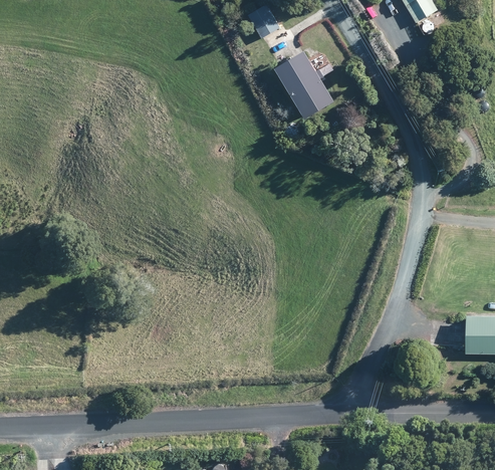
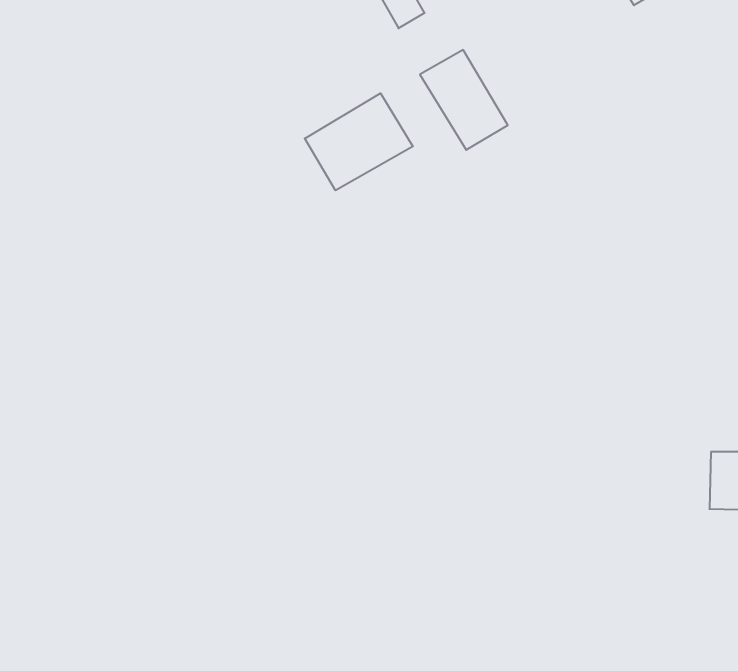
building: none -> [305,93,413,190]

